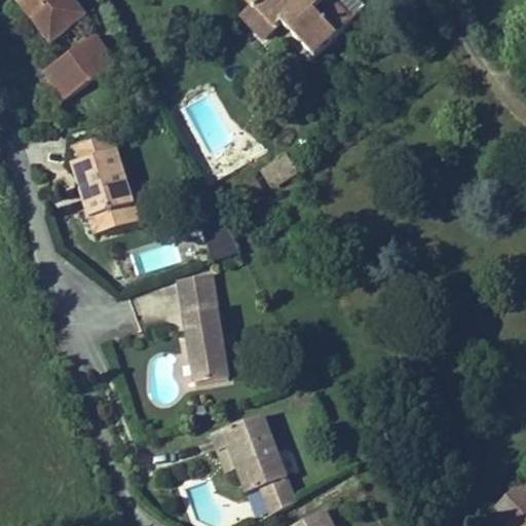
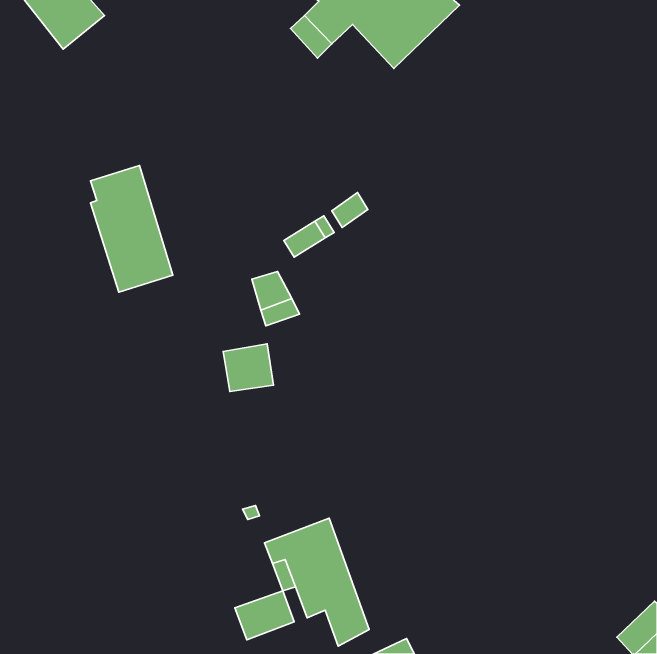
building: [43,33,115,97] -> none
building: [183,306,230,381] -> none
building: none -> [235,591,294,640]

